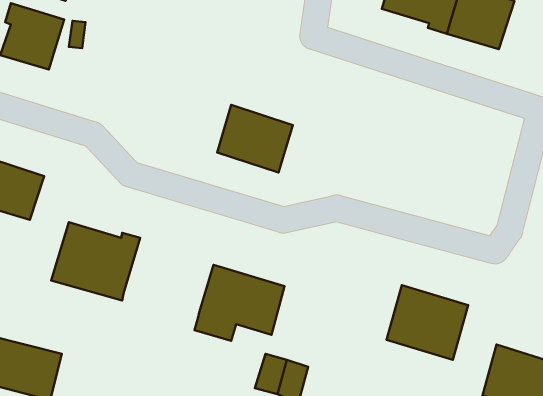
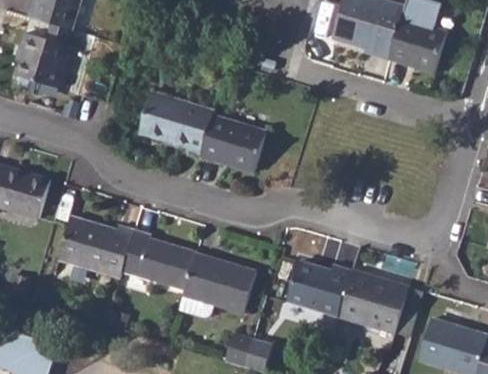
building: none -> [134,92,209,157]
building: none -> [116,229,193,296]
building: none -> [288,260,351,315]

